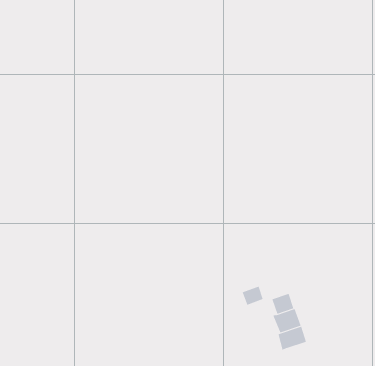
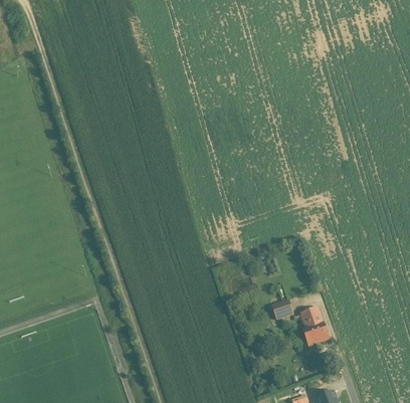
building: [278,326,307,350] -> none

